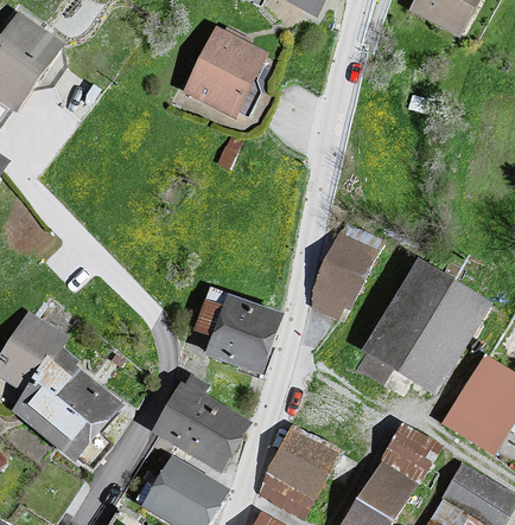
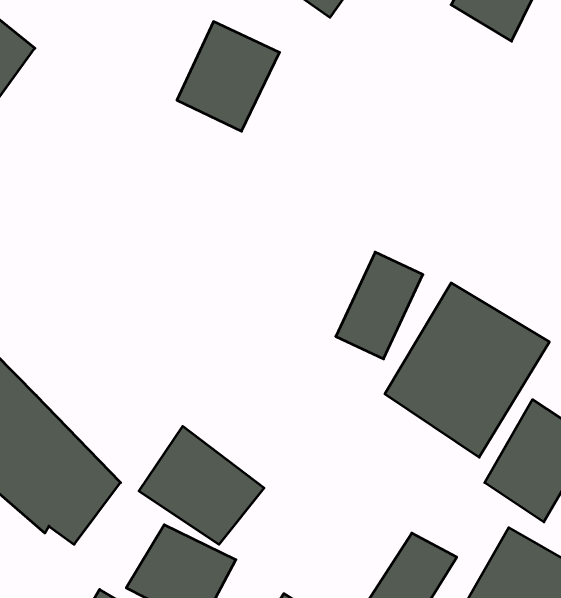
building: [197,292,282,378] -> none
building: [380,422,439,484] -> none
building: [261,428,337,513] -> none

